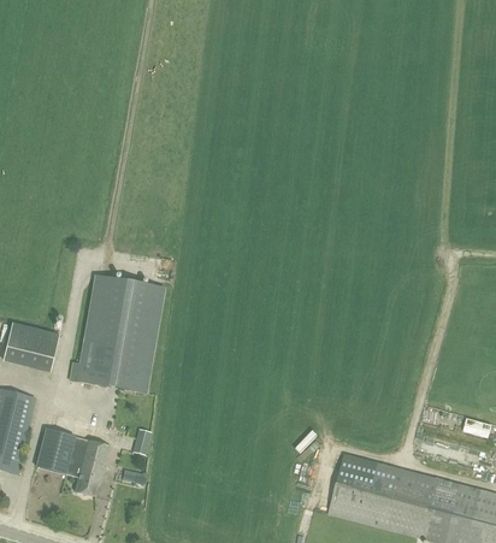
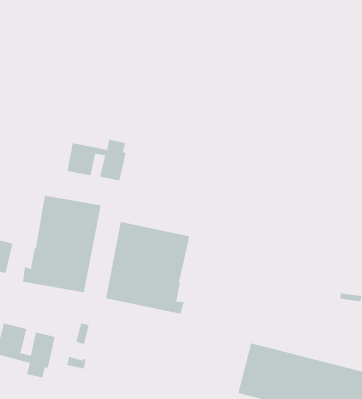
building: none -> [67,139,126,181]
building: none -> [105,221,190,315]

